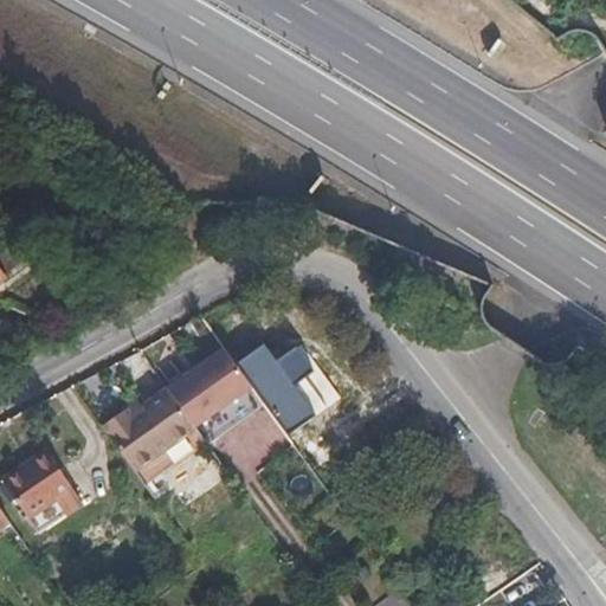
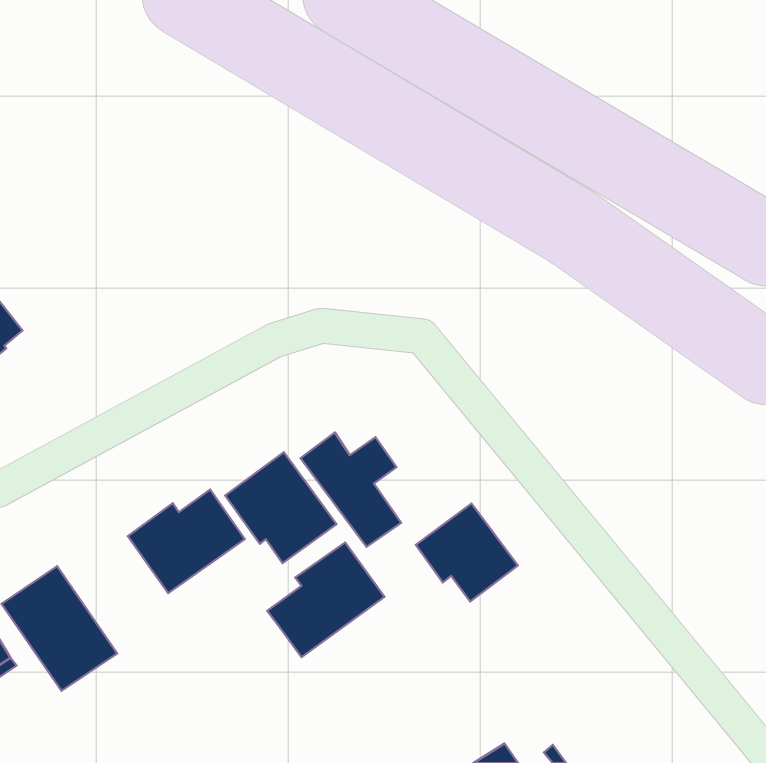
building: none -> [416,504,518,602]
building: none -> [267,542,385,657]

